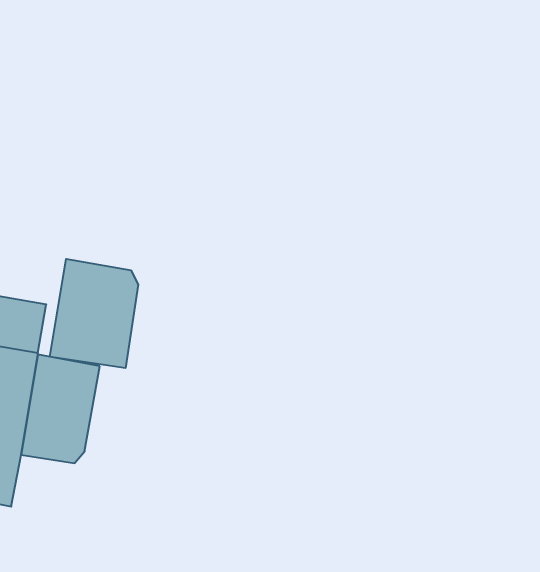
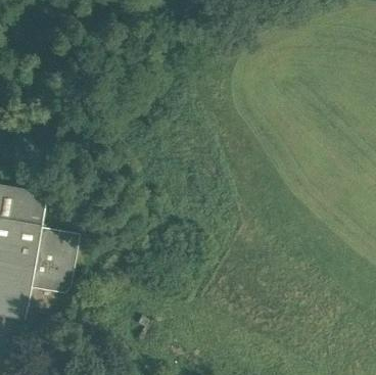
building: [50,259,138,368] -> none

